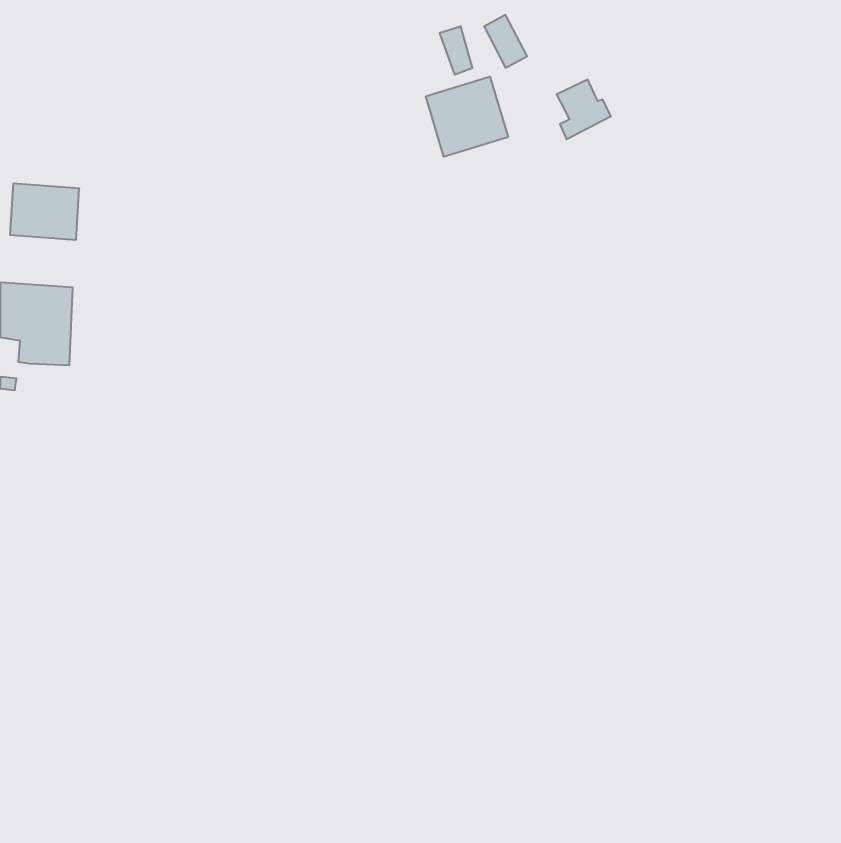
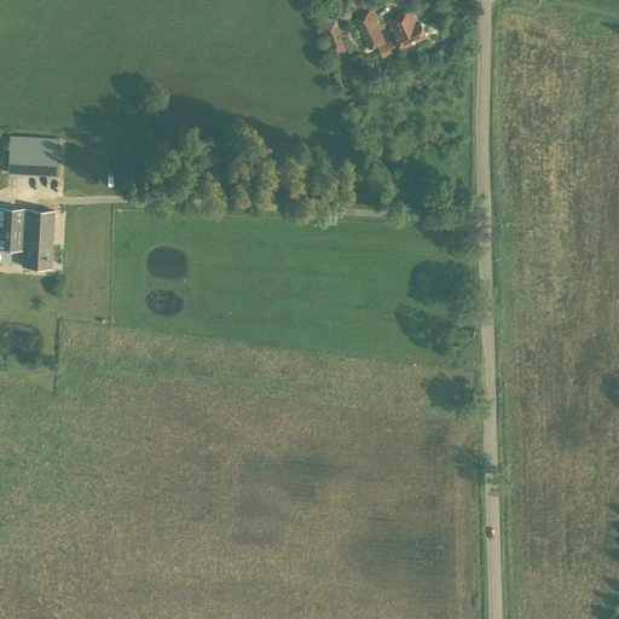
building: [426,77,508,157] -> none
building: [556,80,611,139] -> [389,10,429,53]

